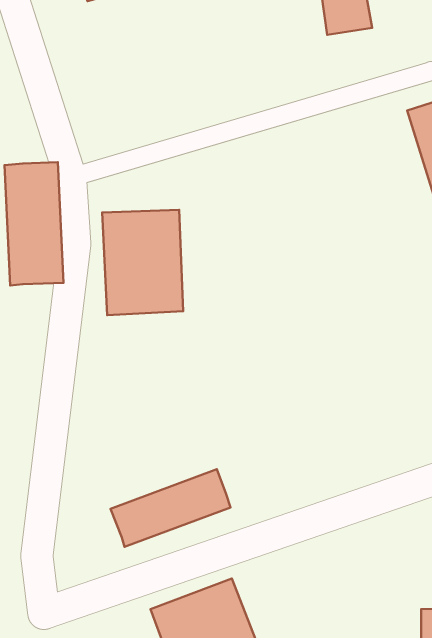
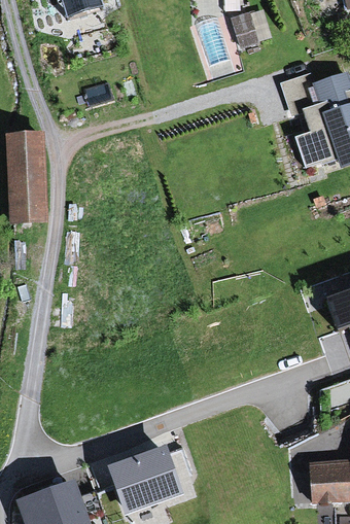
building: [102,210,183,315] -> none
building: [111,469,231,547] -> none

